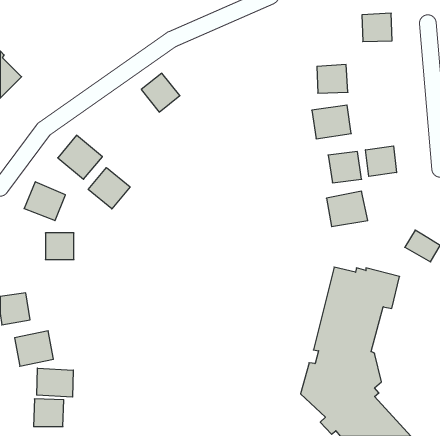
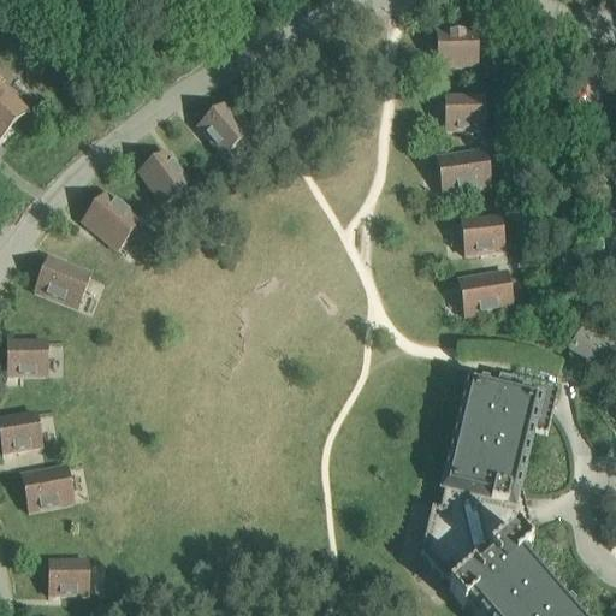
building: [362,13,392,42] -> [436,26,478,66]
building: none -> [136,148,191,203]
building: [366,146,397,176] -> none
building: [88,168,130,209] -> none
building: [45,233,74,260] -> [7,338,47,375]
building: [37,368,73,397] -> none

